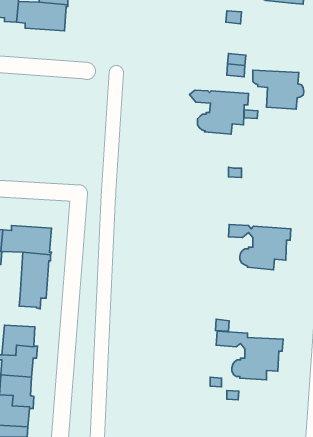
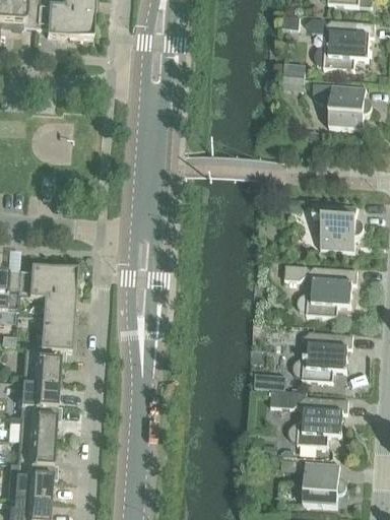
building: [190,90,249,134] -> [306,19,375,71]
building: none -> [313,206,365,252]
building: none -> [292,332,353,382]
building: none -> [22,345,60,385]
building: none -> [303,462,346,507]

